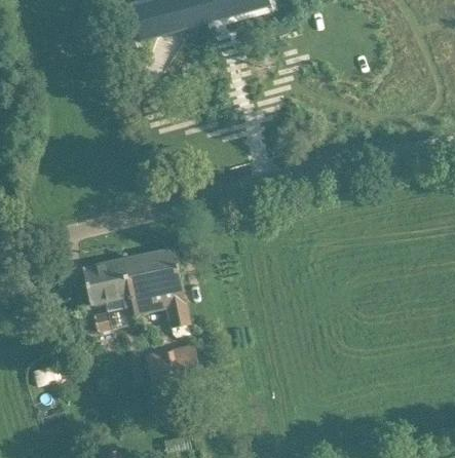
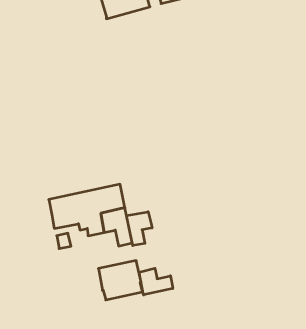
building: none -> [127,212,152,246]
building: none -> [139,268,173,295]

